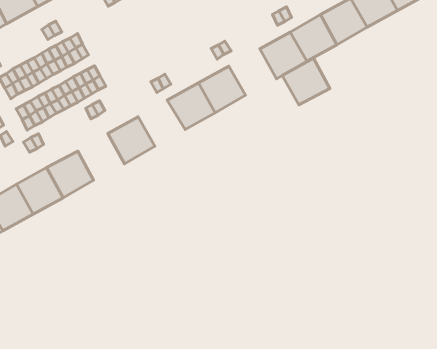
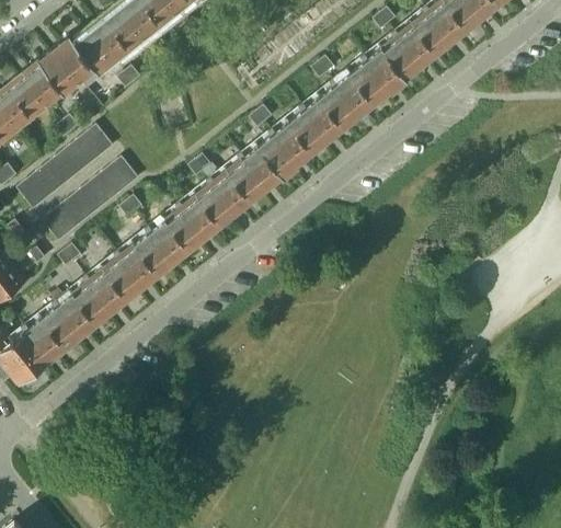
building: [282,58,330,105] -> [274,110,330,164]
building: none -> [182,184,237,238]
building: none -> [121,232,175,287]

